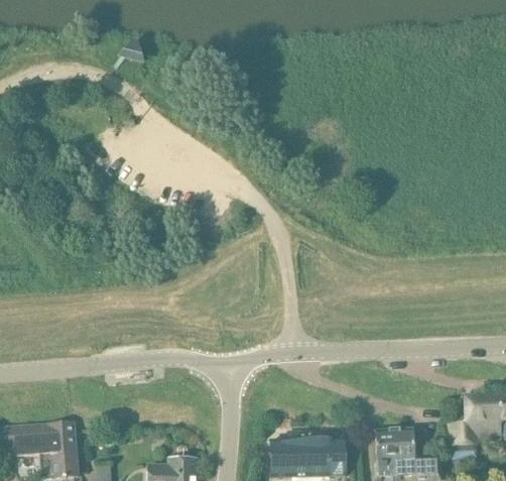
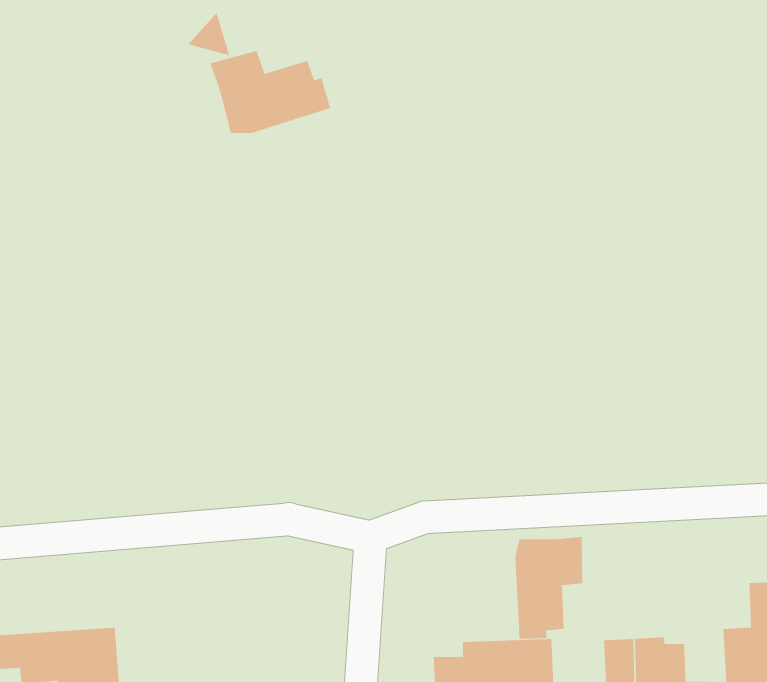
building: none -> [210,50,331,134]
building: none -> [515,536,583,640]

